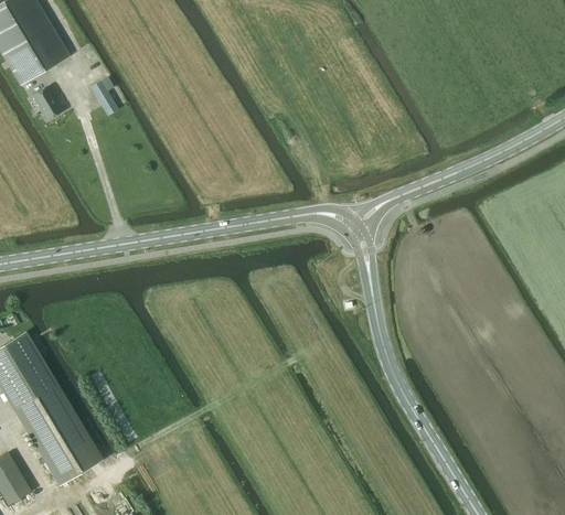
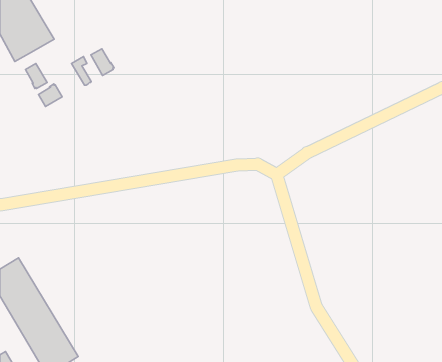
building: none -> [91,49,114,76]
building: none -> [38,84,62,106]

